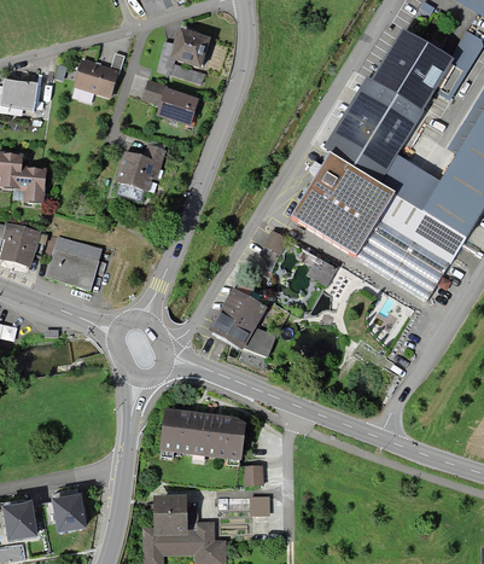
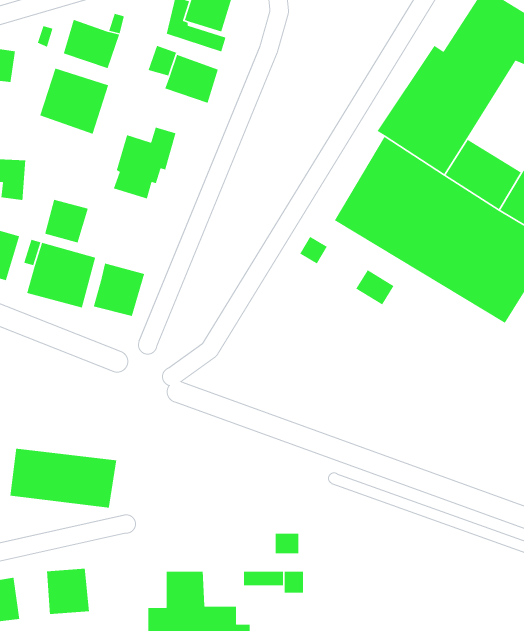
building: none -> [39,68,109,135]
building: none -> [44,199,89,244]
building: none -> [93,263,145,317]
building: [214,291,273,355] -> none
building: [161,409,246,458] -> [10,448,117,508]

